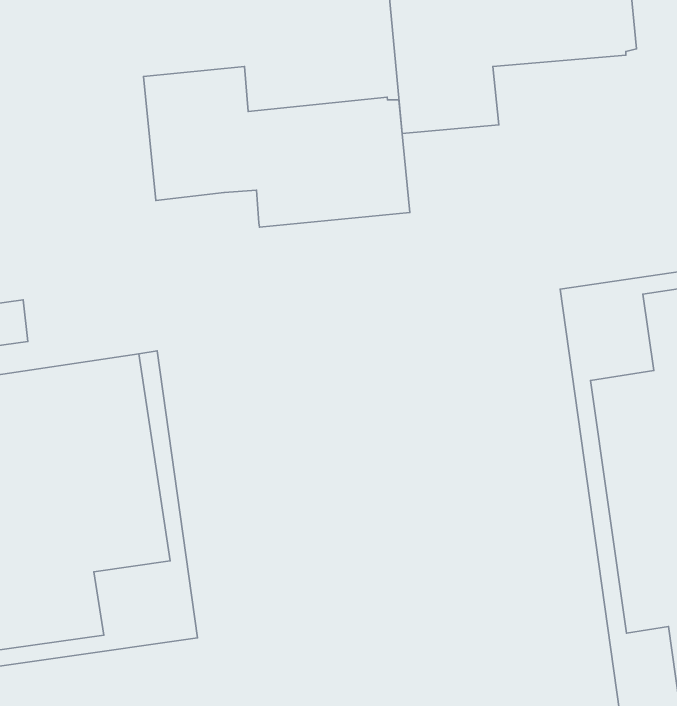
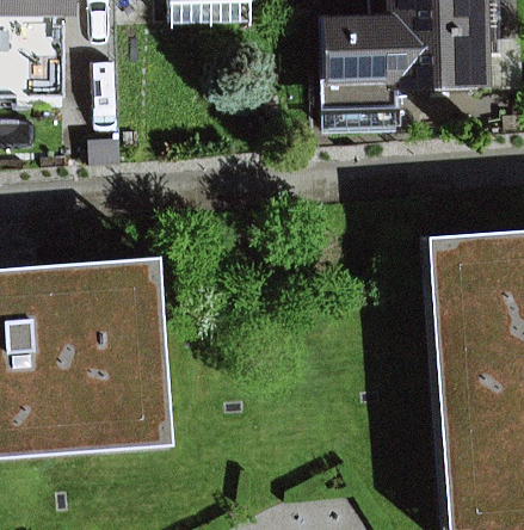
building: [144,66,410,227] -> none

